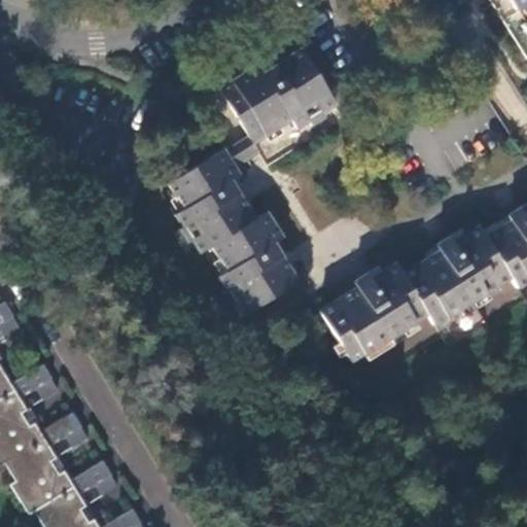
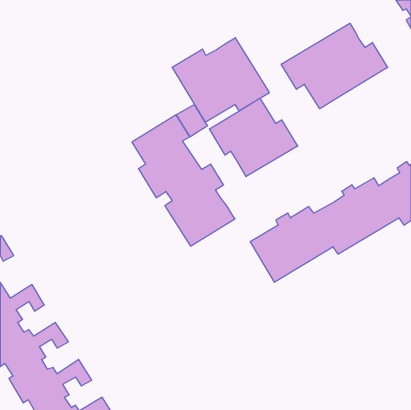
building: none -> [281,23,388,109]
building: none -> [209,98,298,177]

